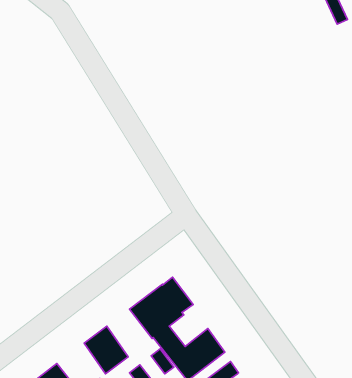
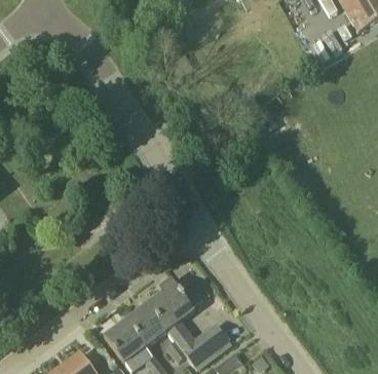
building: none -> [124,304,165,347]

